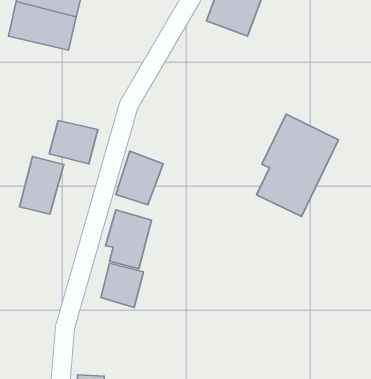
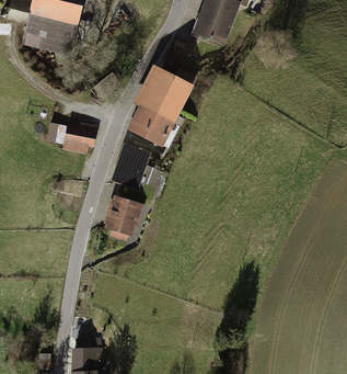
building: [257,114,338,217] -> [128,60,198,148]
building: [20,156,64,214] -> none
building: [101,263,144,307] -> none

